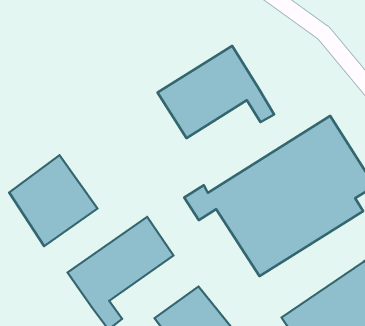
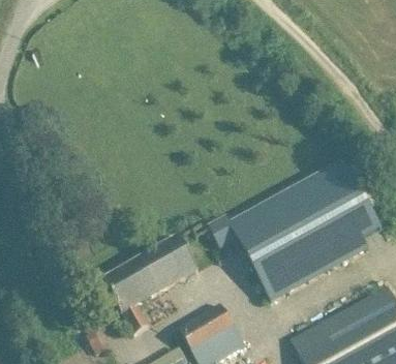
building: [157,46,274,138] -> none
building: [9,155,98,246] -> none

